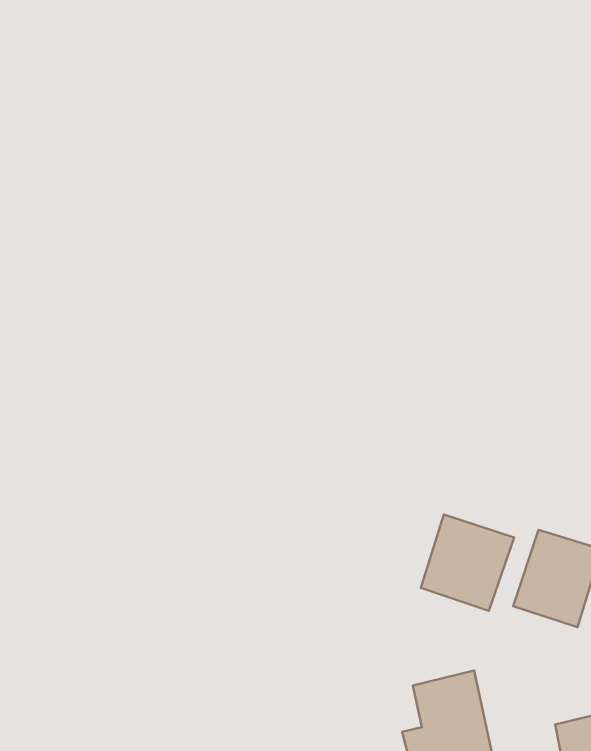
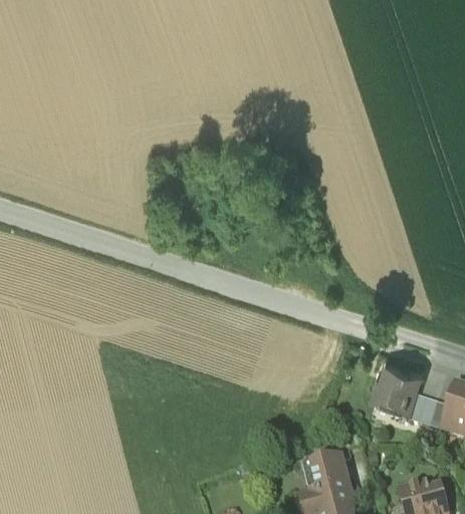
building: [421,515,514,611] -> none

